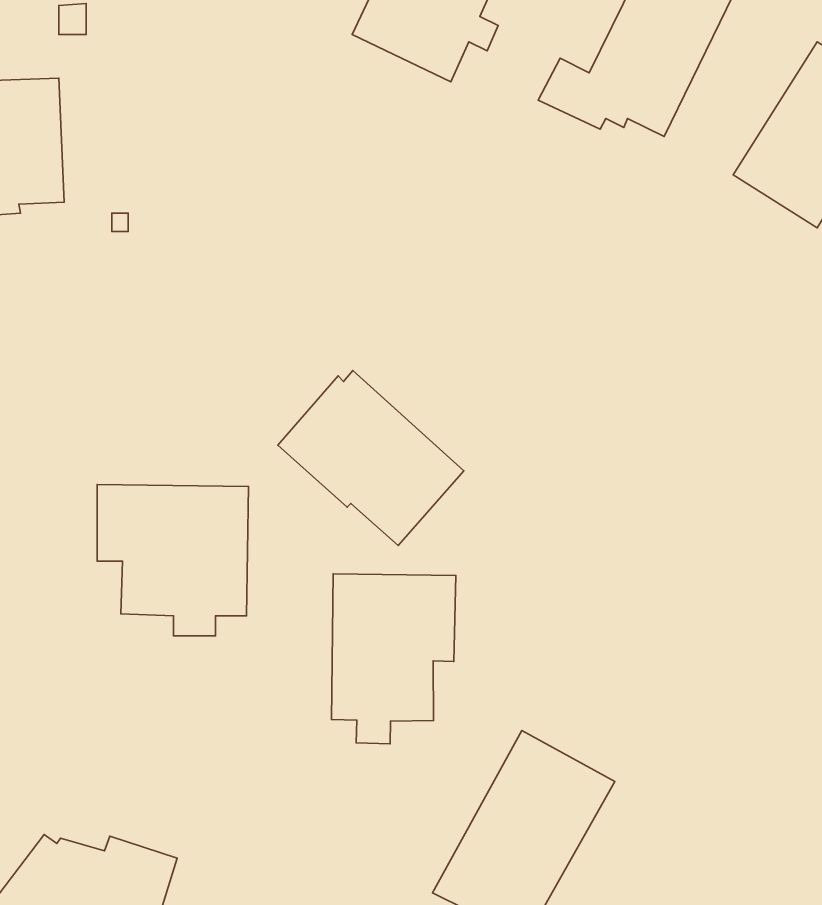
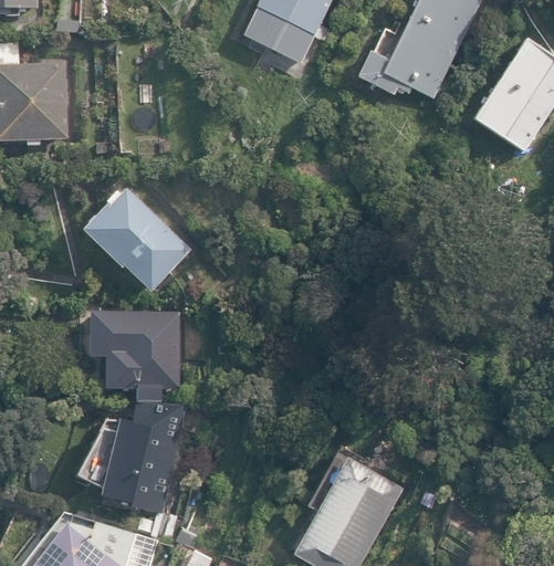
building: [278,370,464,545] -> [80,184,192,290]
building: [332,574,456,744] -> none
building: none -> [95,415,185,514]

